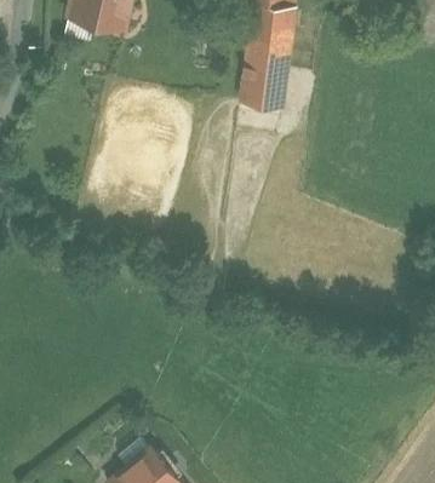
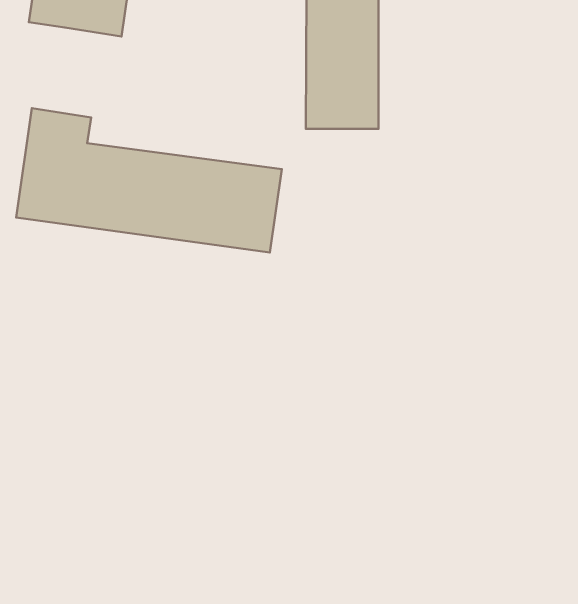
building: none -> [16,108,282,253]

